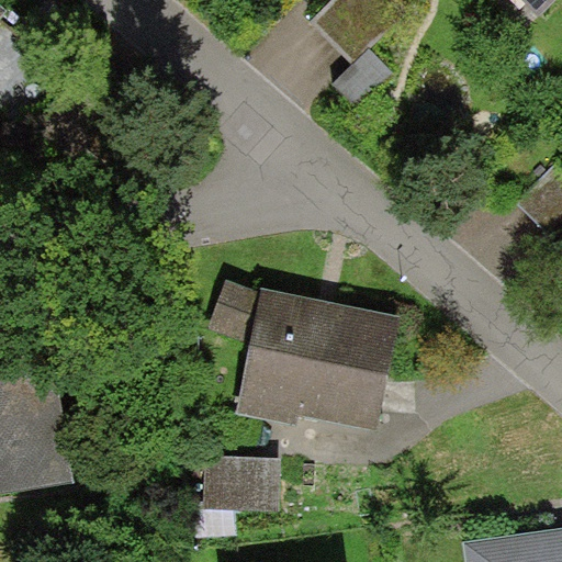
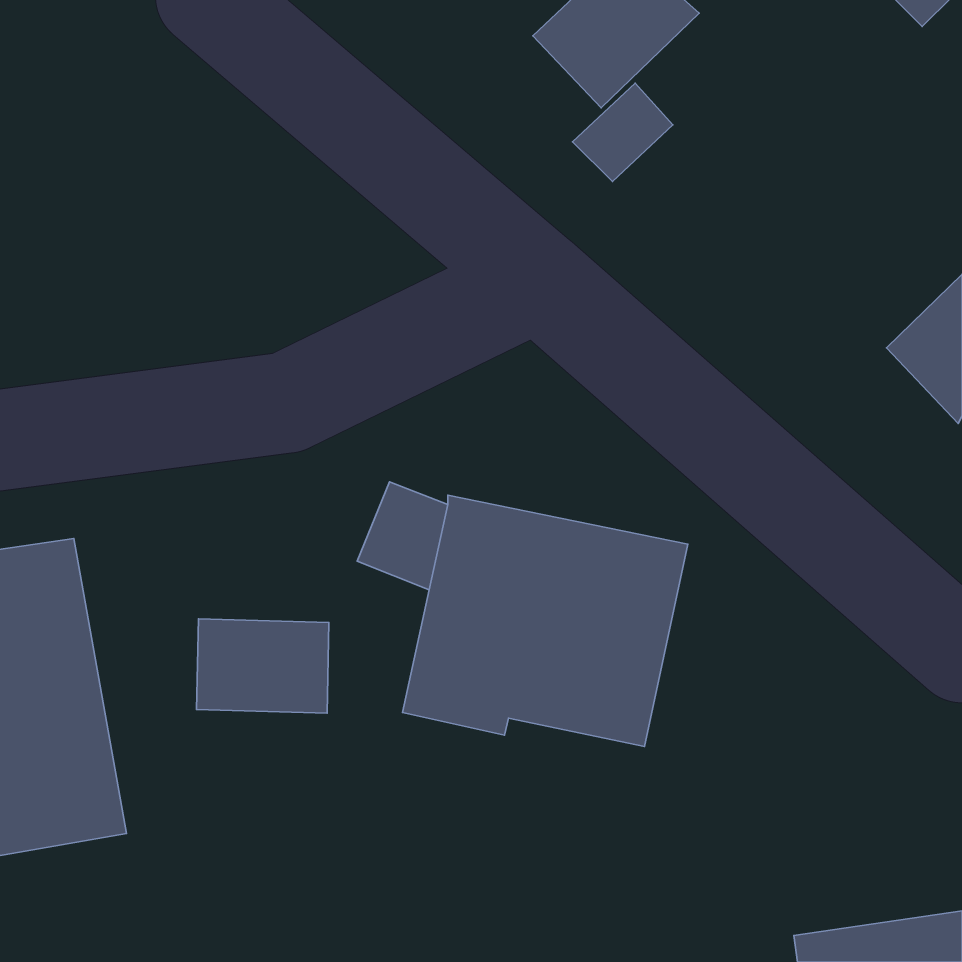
building: [203,456,280,510] -> [197,619,329,713]

